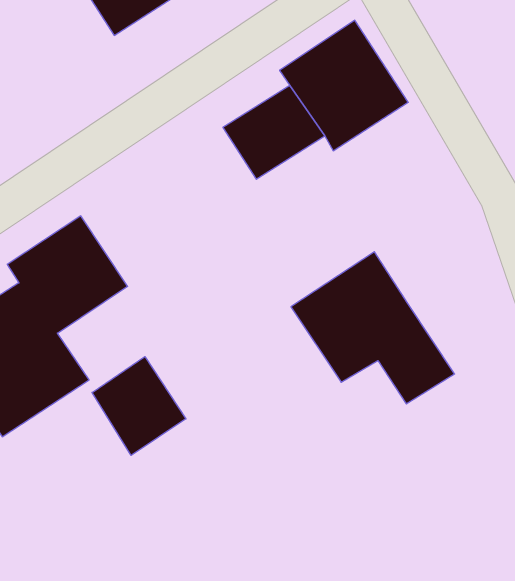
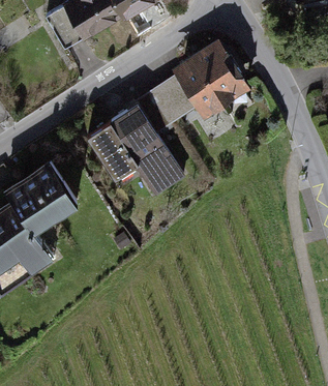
building: [291,252,455,404] -> [87,102,188,197]
building: [92,357,186,455] -> none

